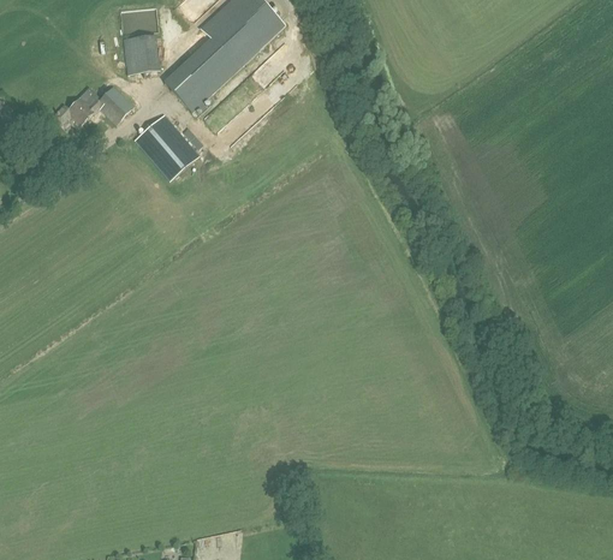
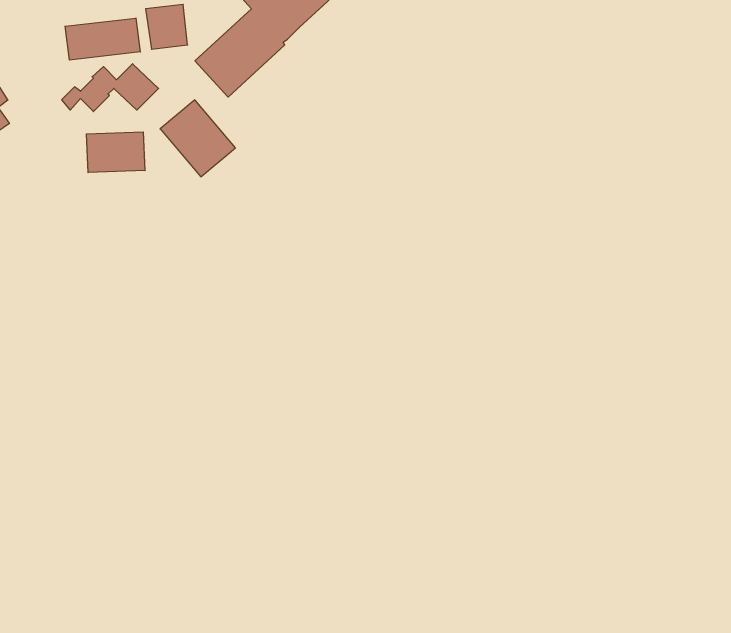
building: none -> [65,18,140,60]
building: none -> [86,132,145,173]

